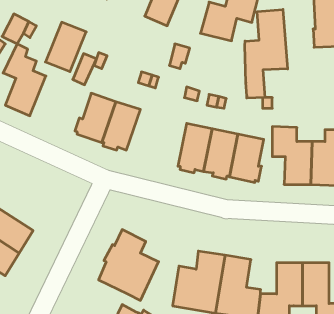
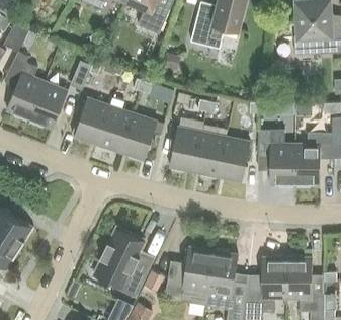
building: [245,9,288,98] -> none
building: [45,22,86,72] -> [29,82,68,129]
building: none -> [120,113,165,162]

